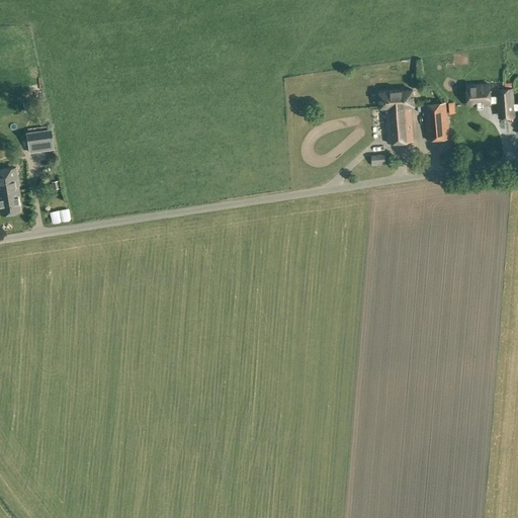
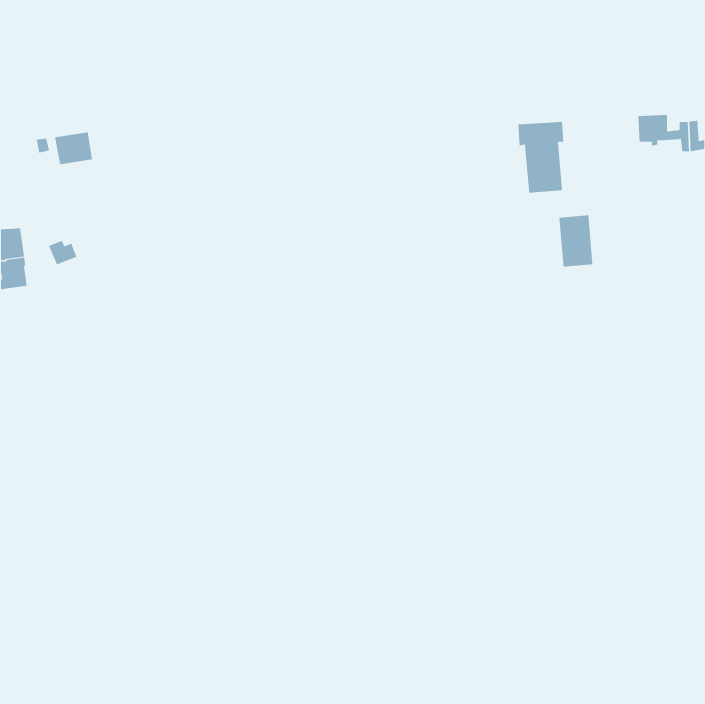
building: [424,102,449,141] -> [559,215,593,267]
building: [25,128,54,153] -> [54,132,93,165]

